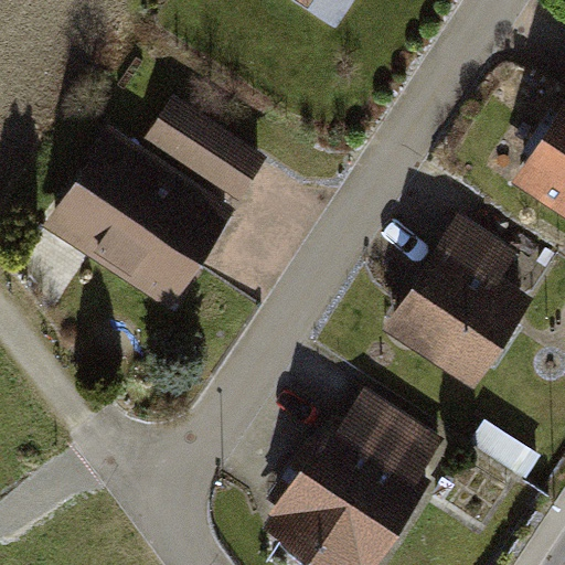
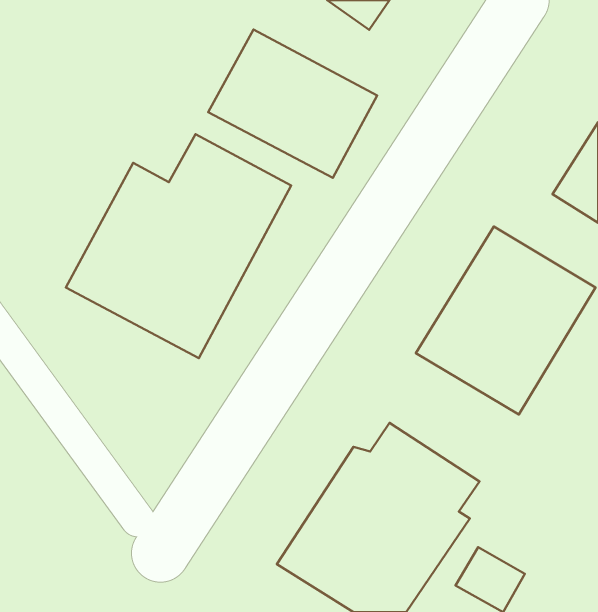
building: none -> [208,29,377,178]

